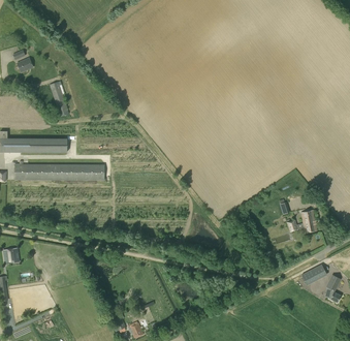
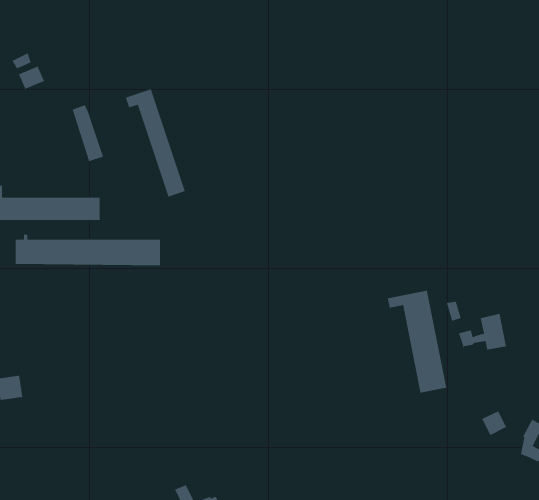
building: none -> [125,88,186,197]
building: none -> [387,290,447,393]

